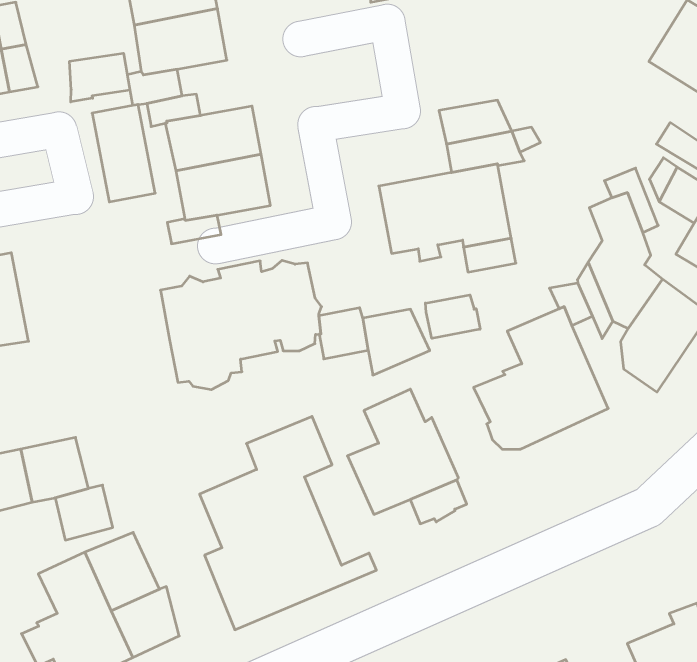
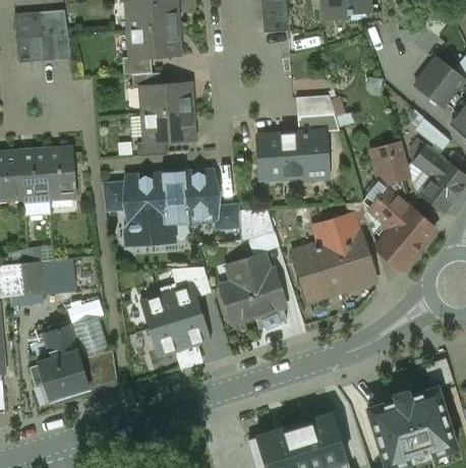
building: [70,53,130,102] -> none
building: [92,104,155,202] -> [46,148,76,200]
building: [425,295,480,338] -> none
building: none -> [103,186,129,211]

